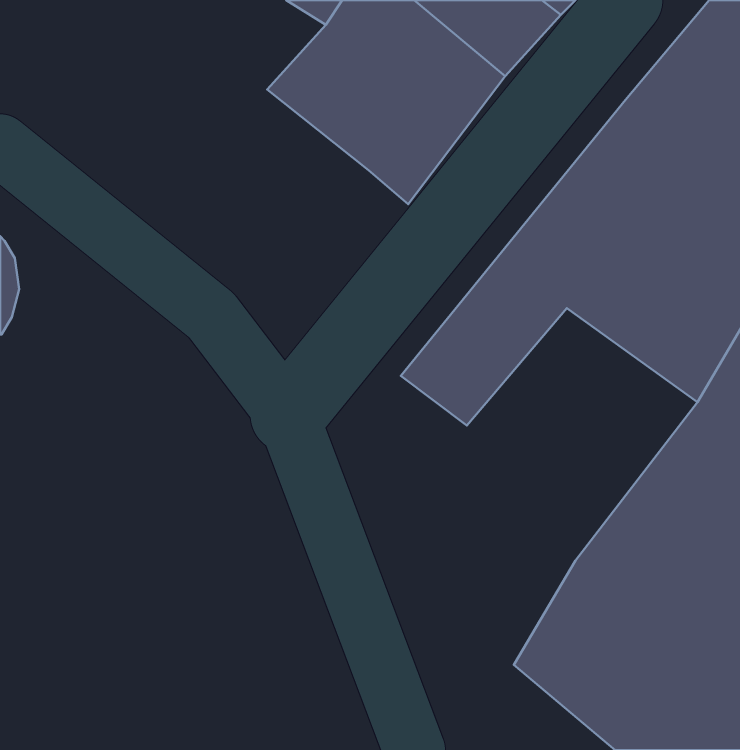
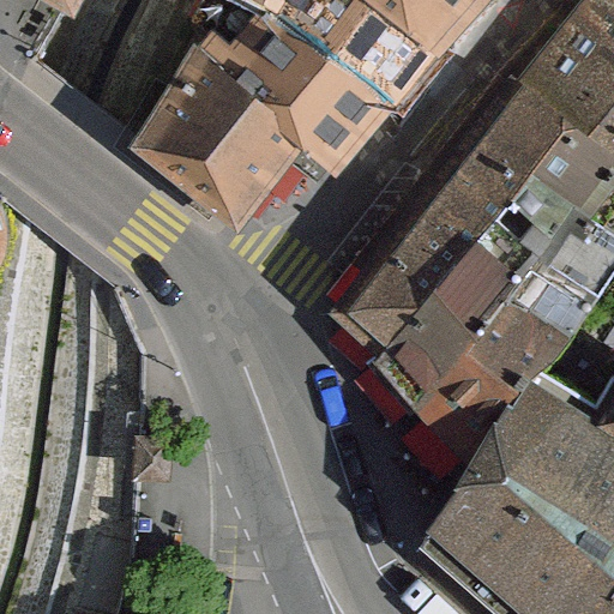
building: none -> [140,53,309,224]
building: none -> [378,252,578,458]

